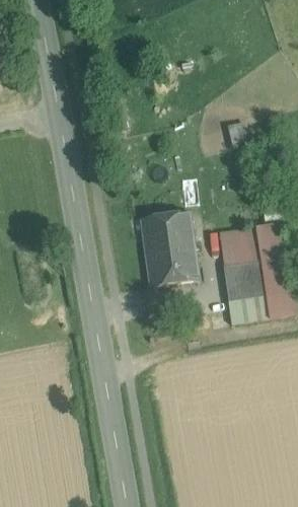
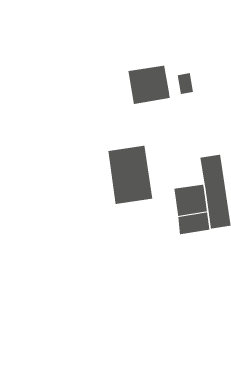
building: none -> [128,65,170,105]
building: [218,227,260,266] -> none

